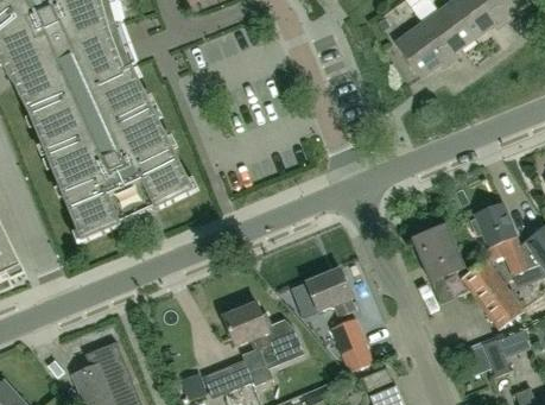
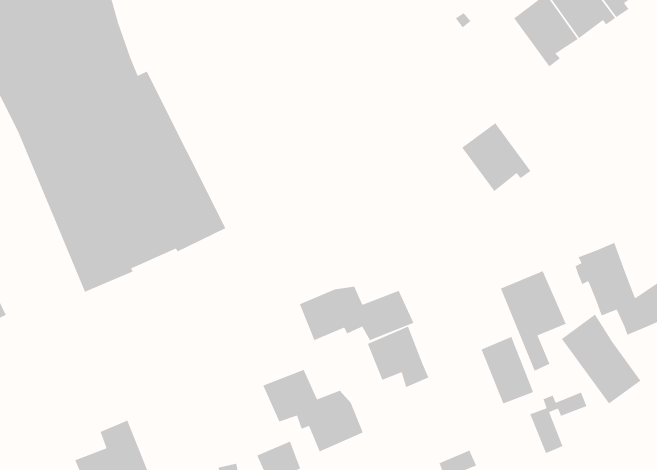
building: [394,23,450,78] -> [461,122,531,192]
building: none -> [299,286,414,341]
building: [330,317,373,372] -> [481,336,534,404]
building: [482,327,528,376] -> [529,391,587,454]

